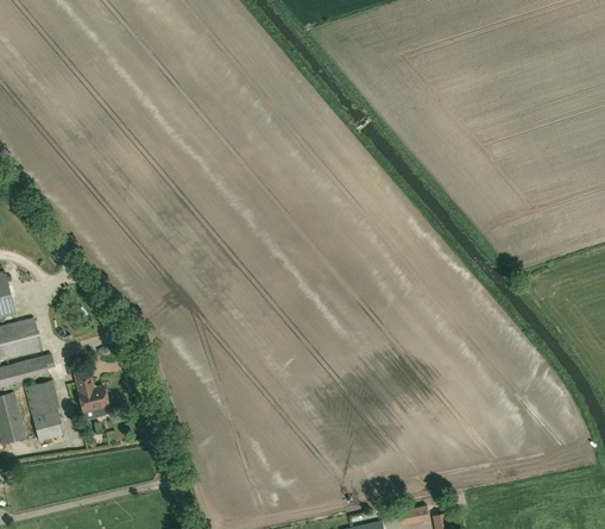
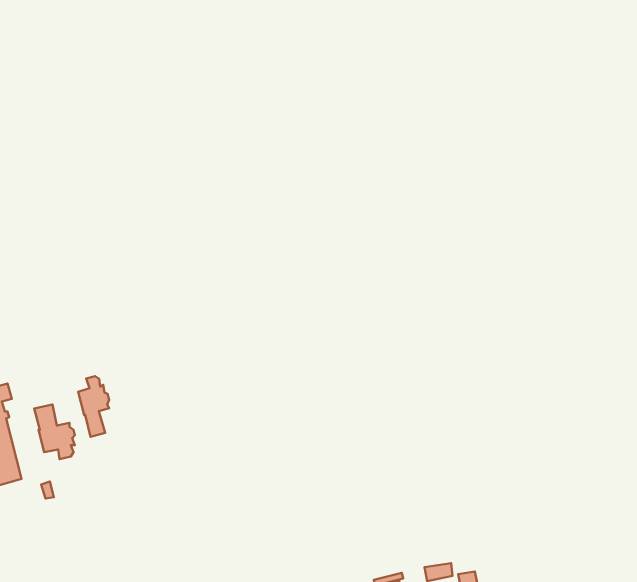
building: none -> [78,376,109,437]

